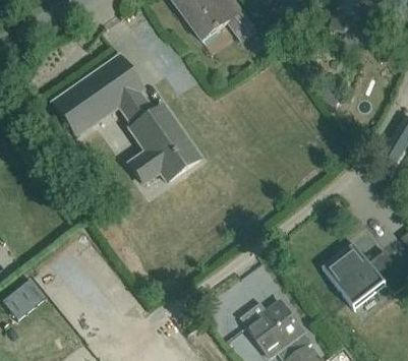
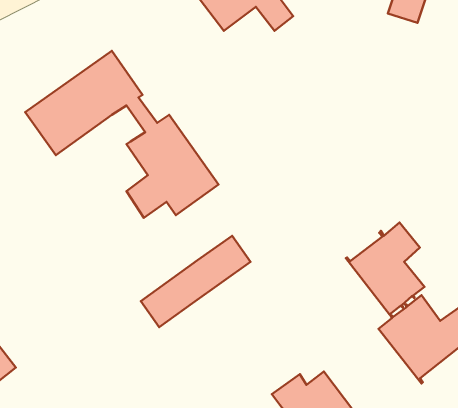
building: none -> [346,223,425,314]
building: none -> [141,236,250,327]

